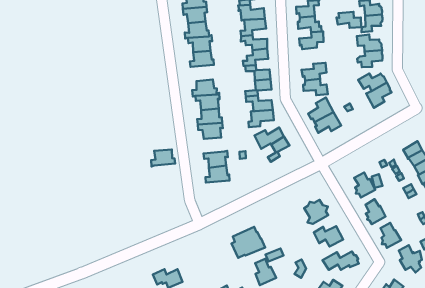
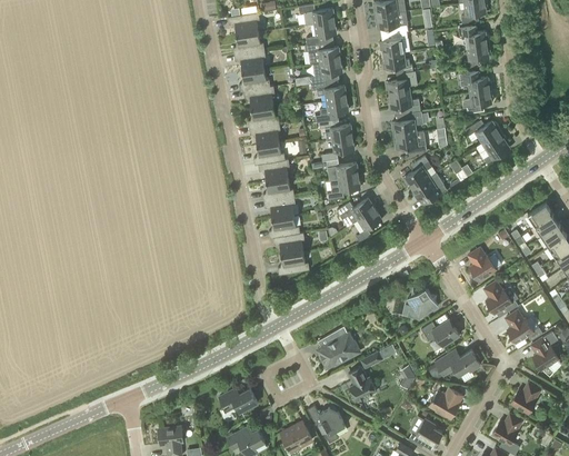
building: [336,12,362,28] -> [388,92,421,113]
building: none -> [249,123,280,146]
building: [151,149,175,166] -> [269,216,300,239]

